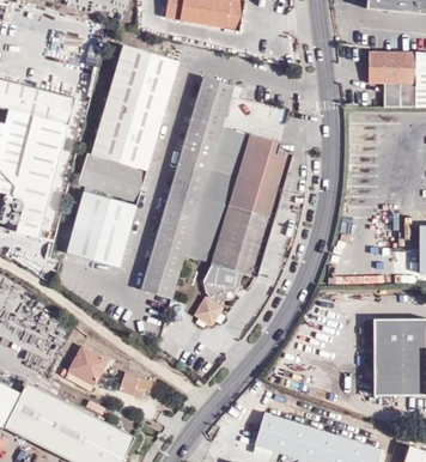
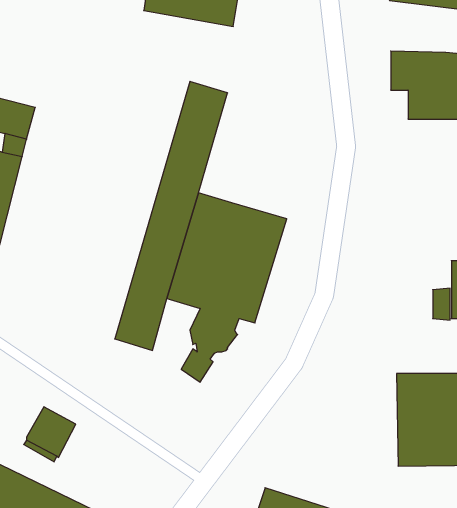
building: [78,43,174,196] -> none
building: [209,127,293,190] -> none
building: [63,188,134,266] -> none
building: [118,372,154,399] -> none

